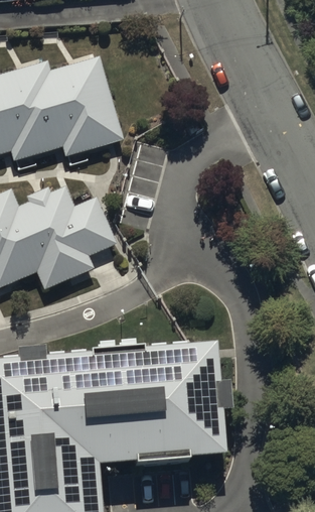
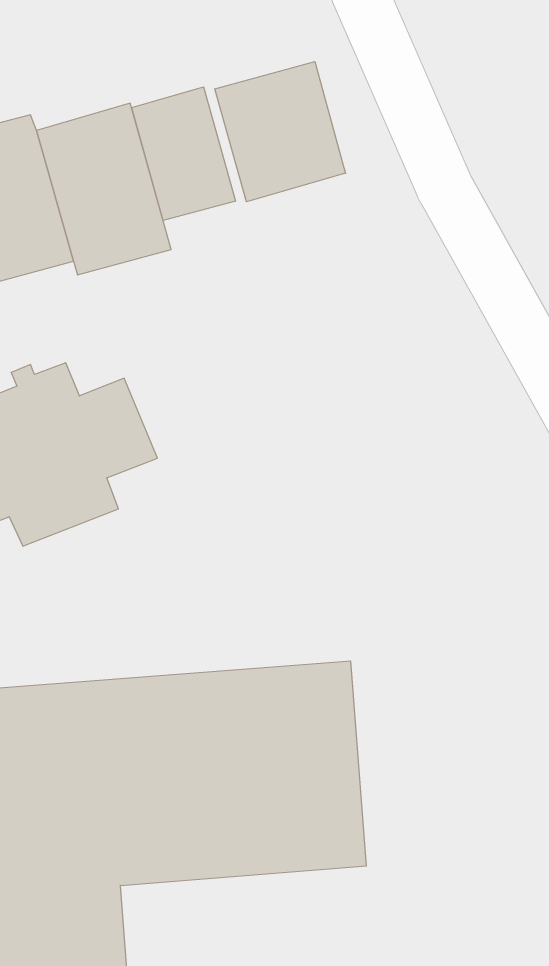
building: none -> [215,62,346,202]
building: none -> [132,87,235,221]

